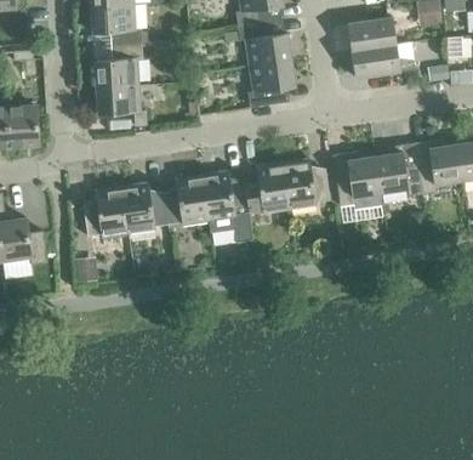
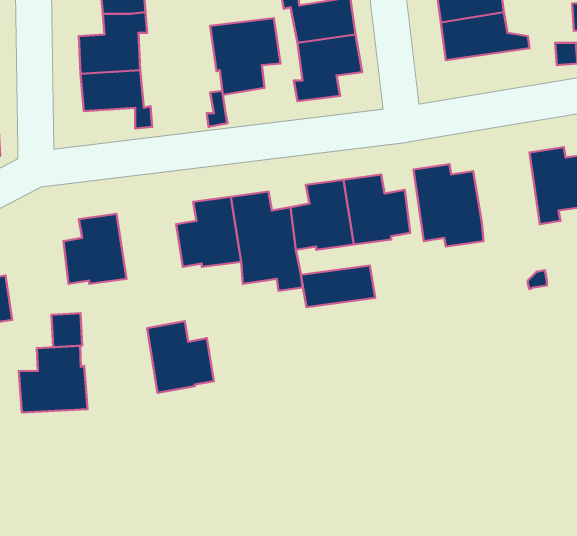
building: none -> [210,18,281,95]
building: [375,143,422,197] -> none
building: [121,182,169,233] -> [147,321,214,393]
building: none -> [301,265,375,307]
building: none -> [19,346,87,413]

